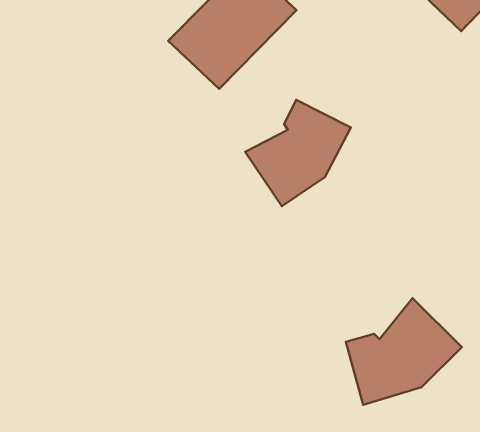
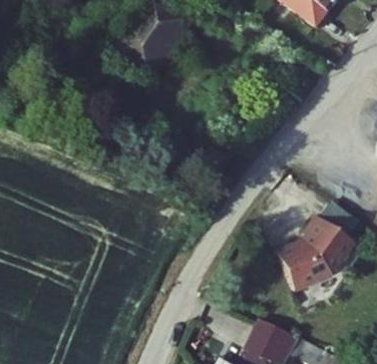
building: [245,100,351,206] -> none

